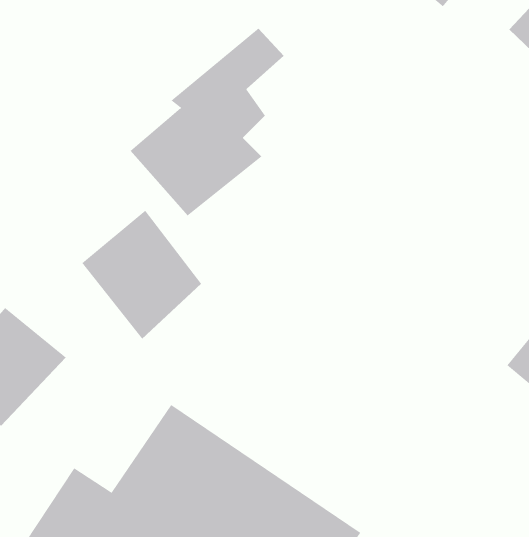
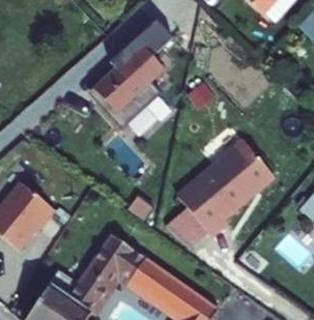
building: [81,210,202,339] -> none
building: none -> [169,139,277,246]

